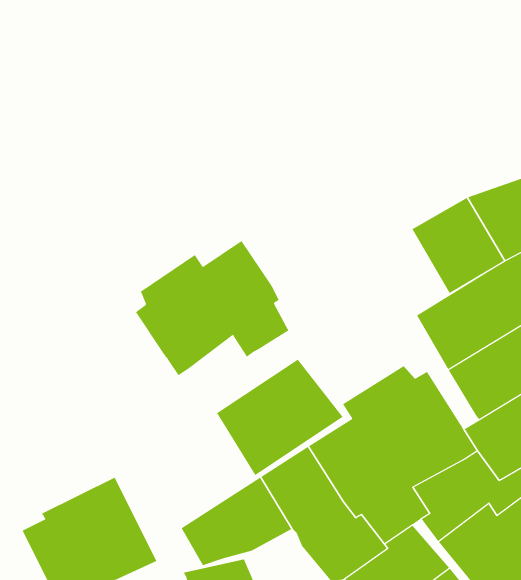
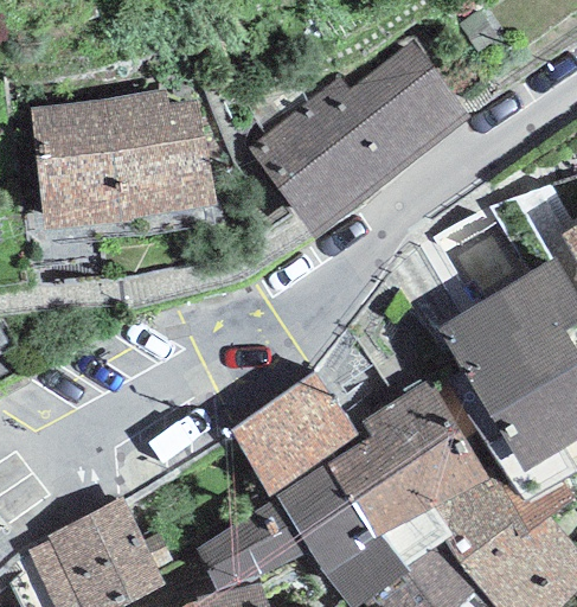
building: none -> [246,43,473,239]
building: none -> [30,88,214,225]
building: [135,240,289,376] -> none

